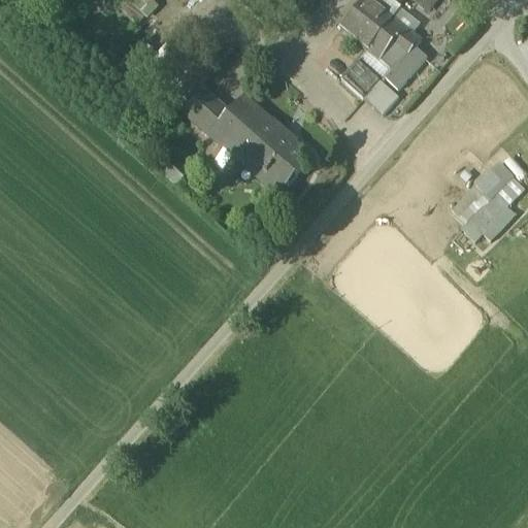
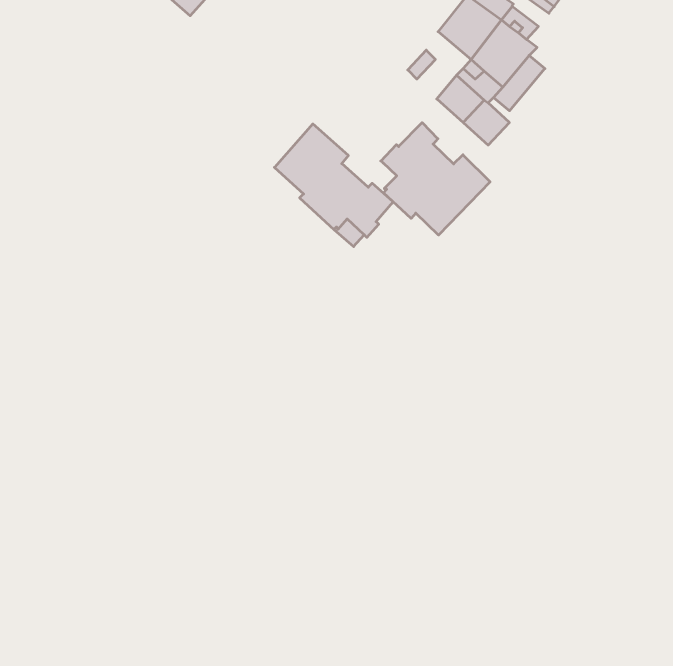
building: [183,88,222,127] -> none
building: none -> [381,123,490,235]
building: [451,160,522,240] -> none

